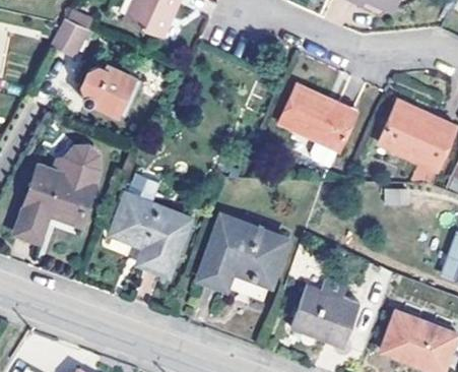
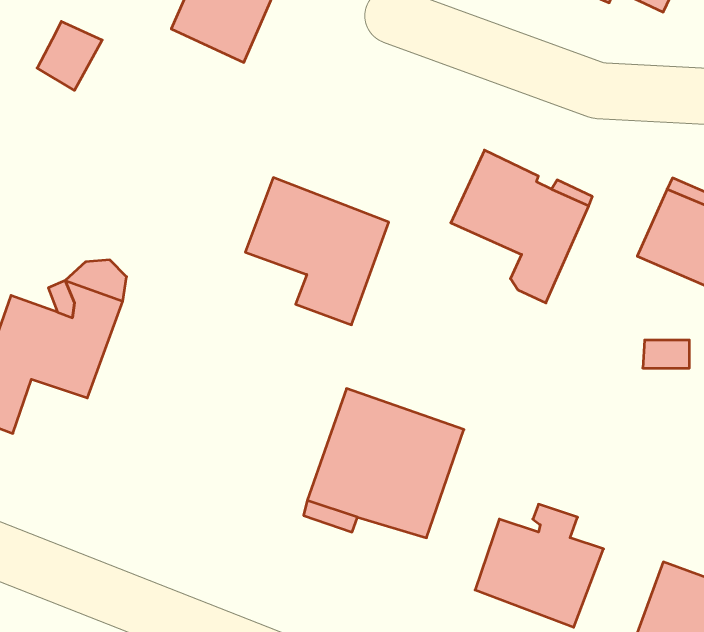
building: [79,62,139,117] -> none
building: [111,193,189,273] -> [245,178,389,325]

